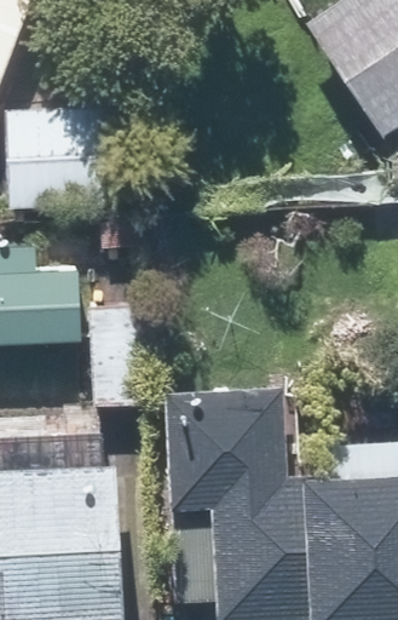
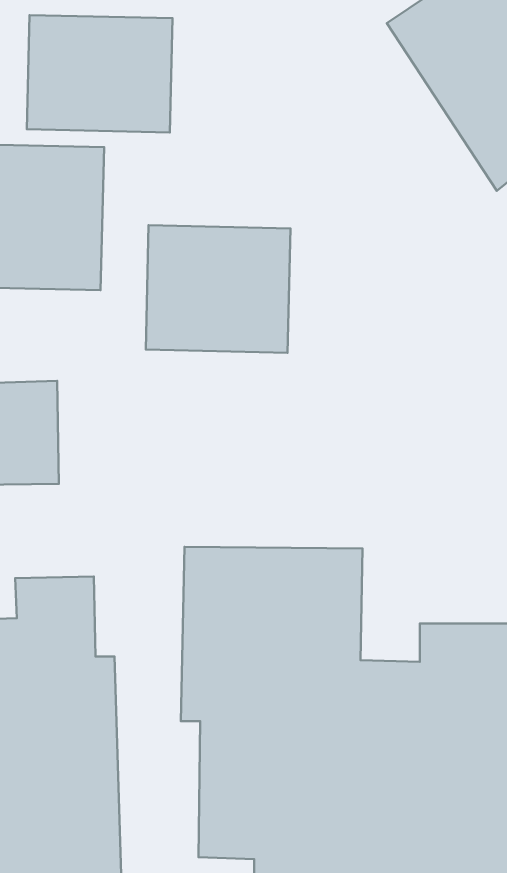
building: none -> [27,15,173,132]
building: none -> [146,225,290,353]

